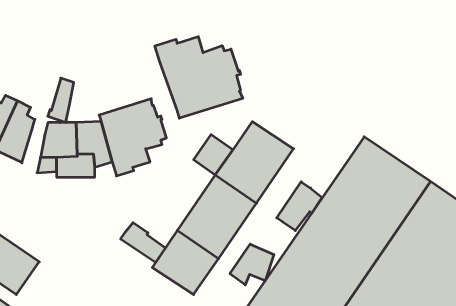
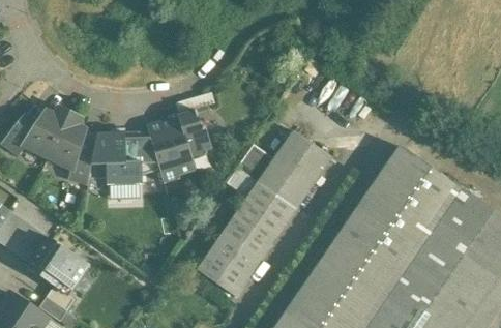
building: [155,37,243,118] -> none
building: [48,78,74,123] -> [70,140,95,182]
building: [277,182,322,231] -> none
building: [121,223,165,263] -> none
building: [230,244,274,285] -> none

